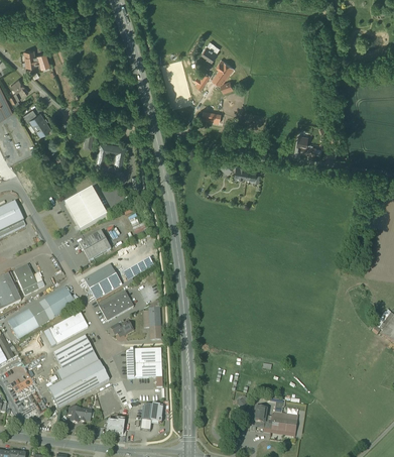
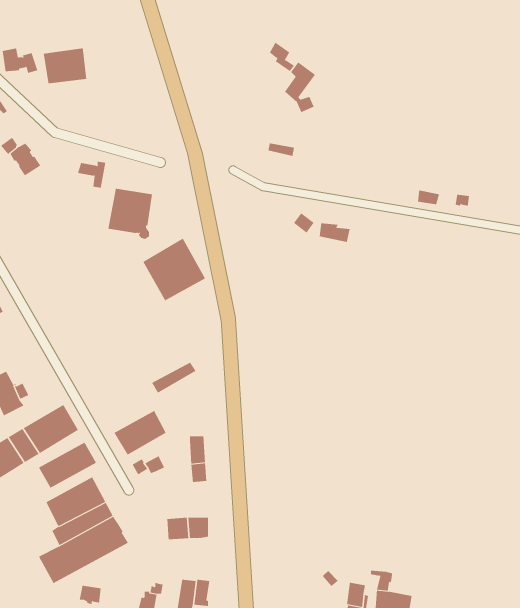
building: none -> [43,47,87,84]
building: [64,188,107,230] -> [142,238,206,301]
building: [79,230,111,260] -> none
building: [83,263,122,299] -> none
building: [132,347,161,363] -> none

